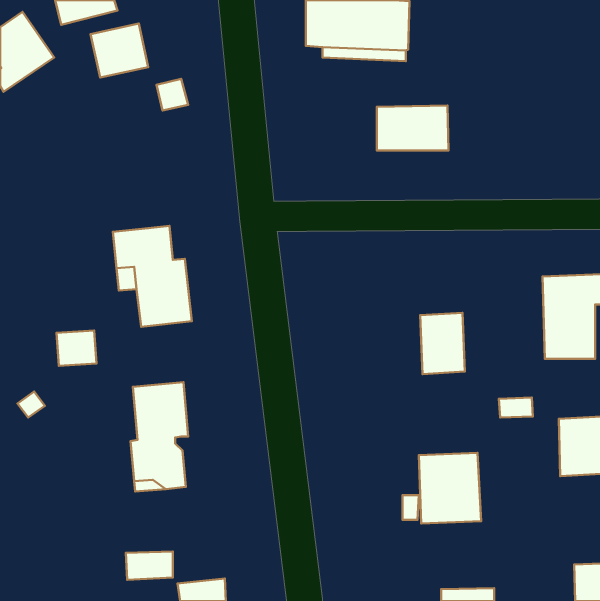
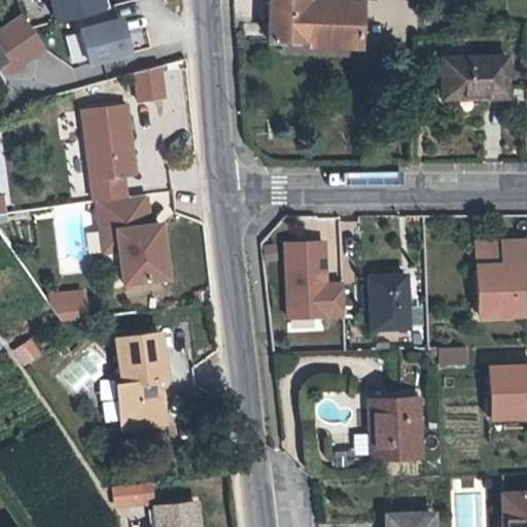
building: [377,106,449,150] -> [443,57,505,96]
building: none -> [86,103,140,203]
building: none -> [285,242,344,317]

